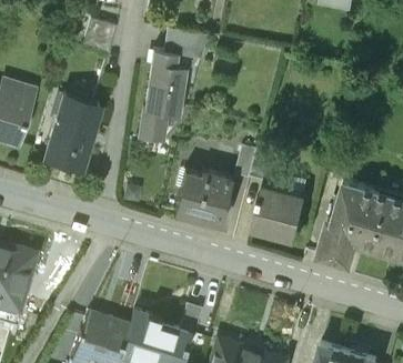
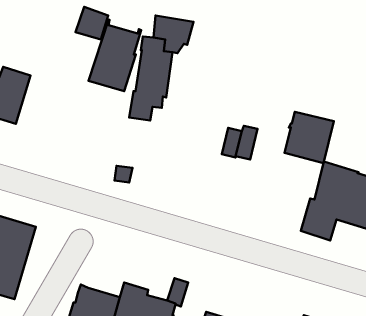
building: [43,94,99,170] -> [88,20,141,91]
building: [175,171,236,221] -> none
building: [253,186,305,241] -> [284,112,334,163]

